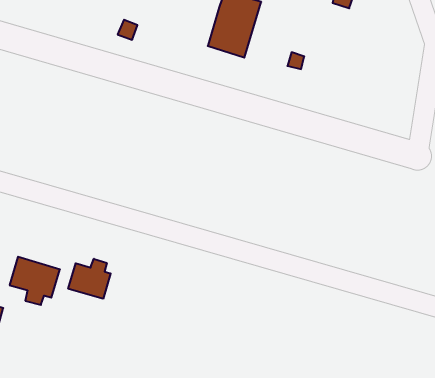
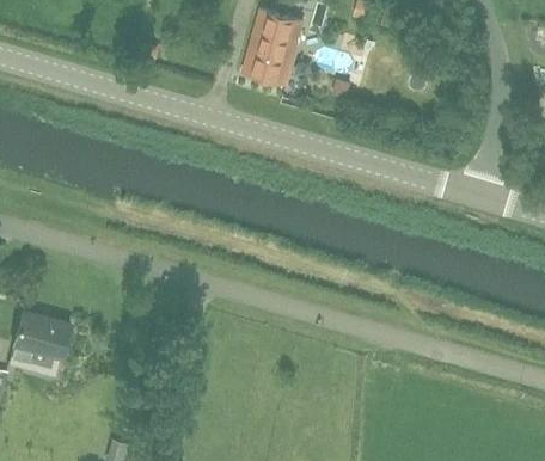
building: [68,259,111,299] -> none

